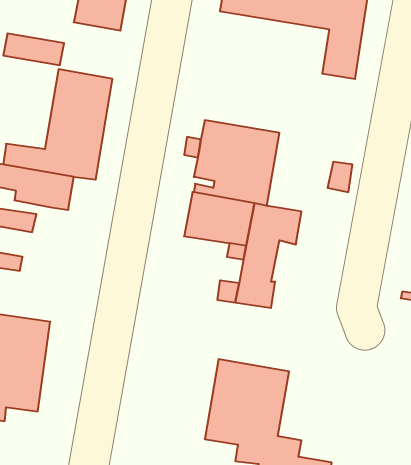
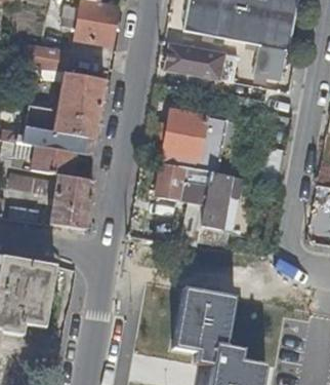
building: none -> [166,44,238,78]
building: none -> [48,176,92,231]

